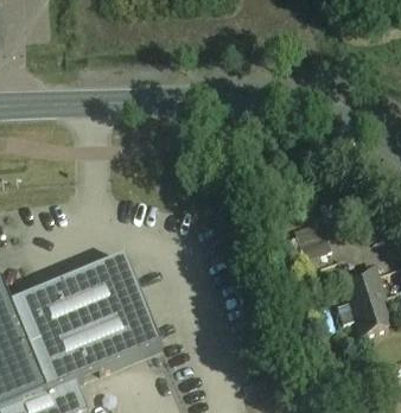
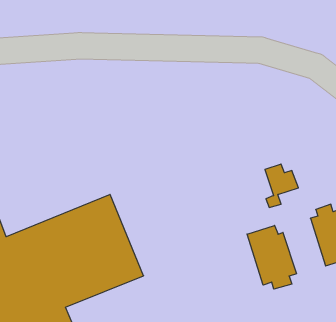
building: none -> [247,225,297,289]

